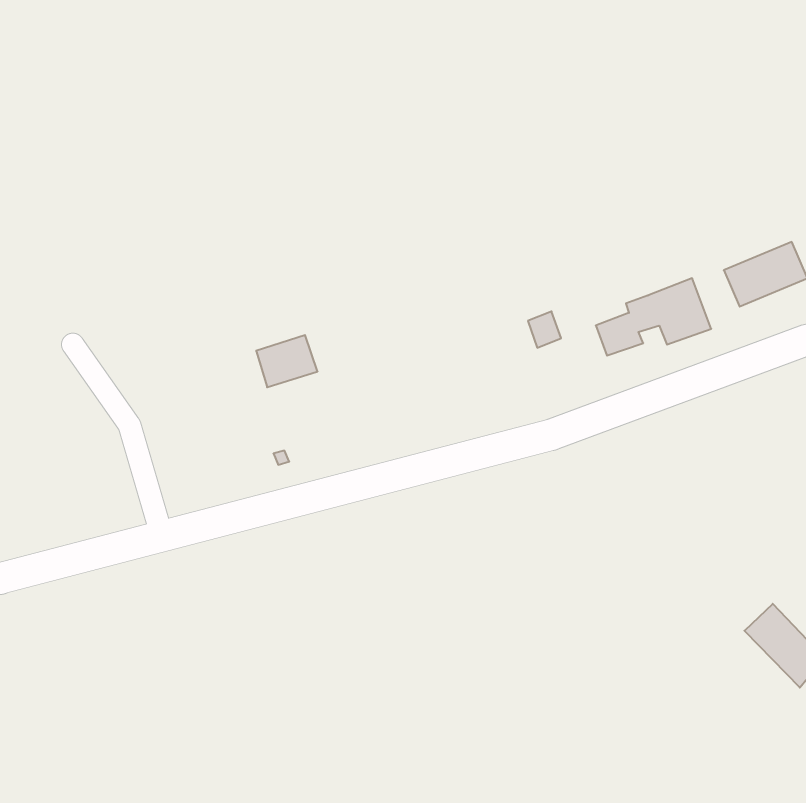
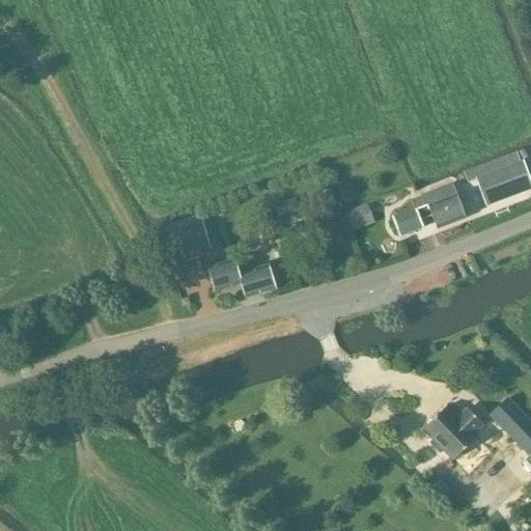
building: none -> [208,256,276,296]
building: none -> [423,403,482,458]

